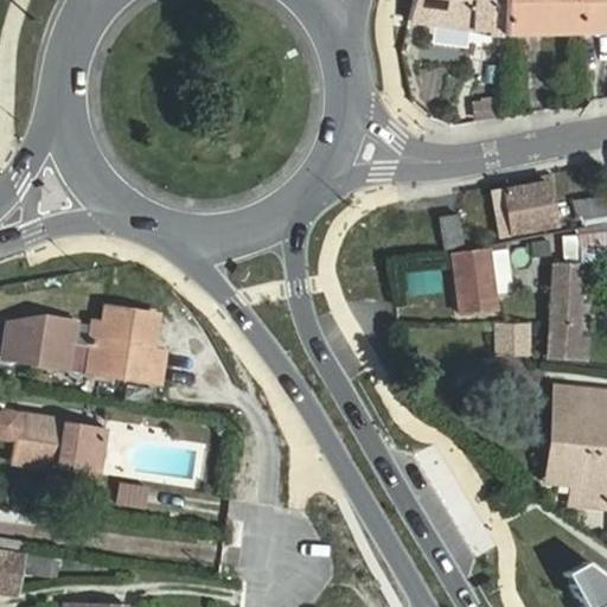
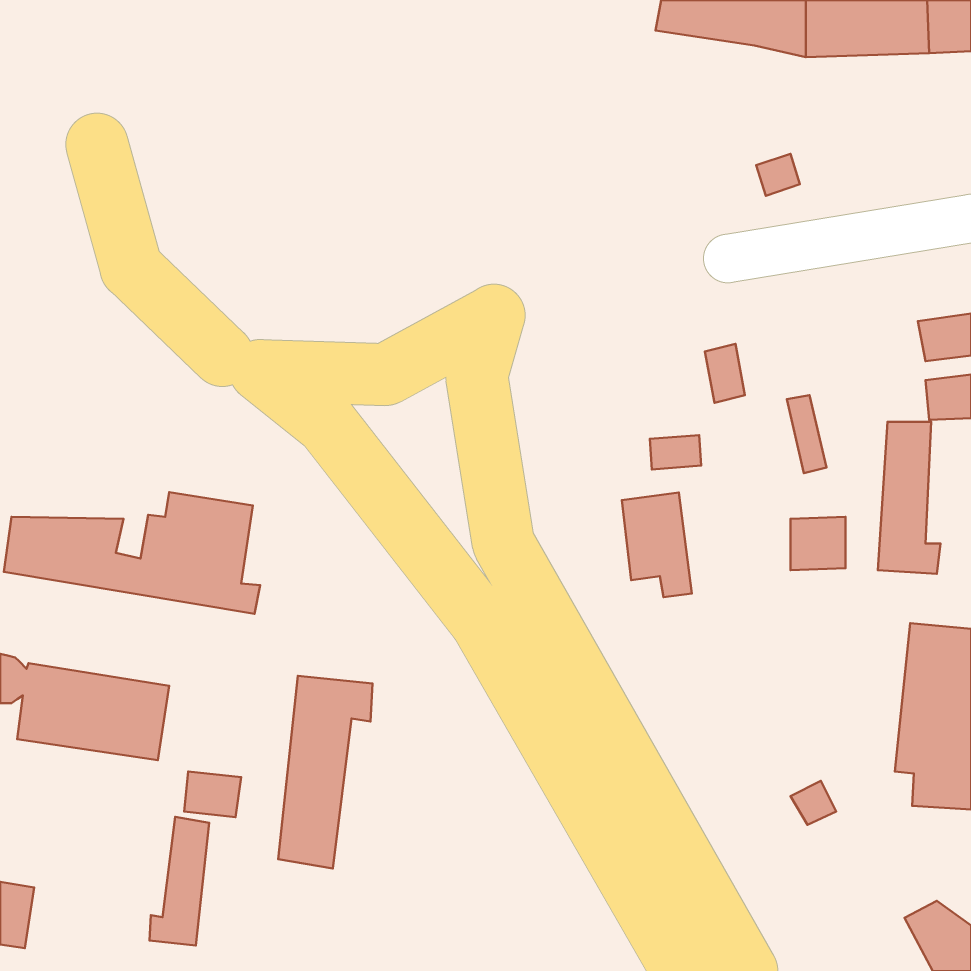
building: [491,181,555,236] -> none
building: [452,248,496,313] -> [622,493,692,597]
building: none -> [278,676,372,868]
building: none -> [149,817,209,946]

